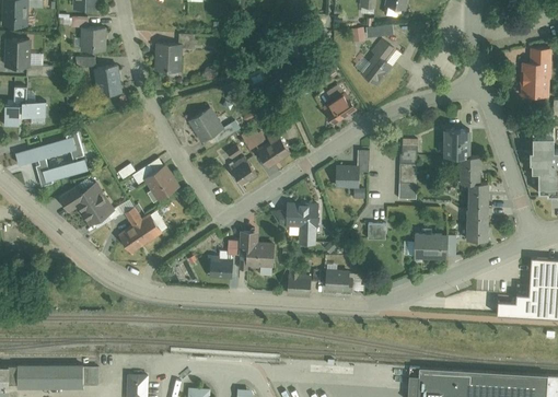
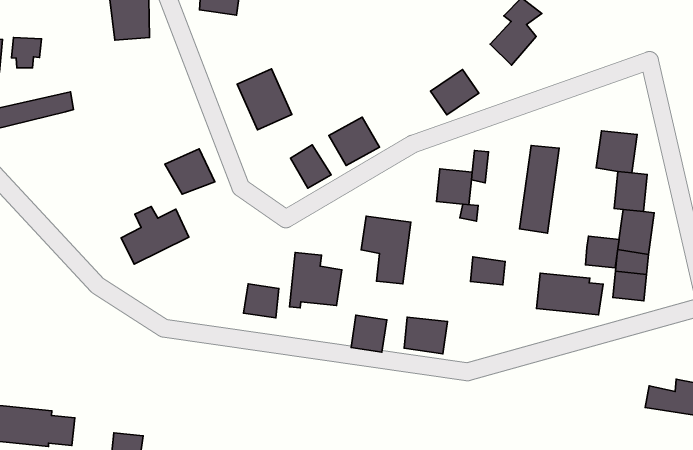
building: [32,132,89,191] -> none
building: [60,178,113,225] -> none
building: none -> [586,236,619,268]

